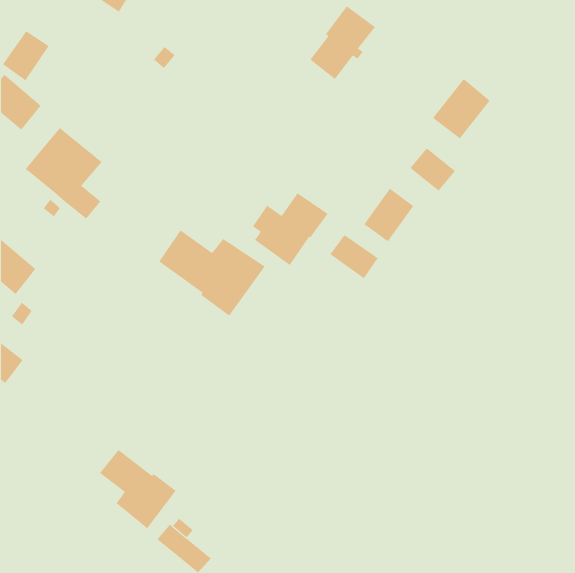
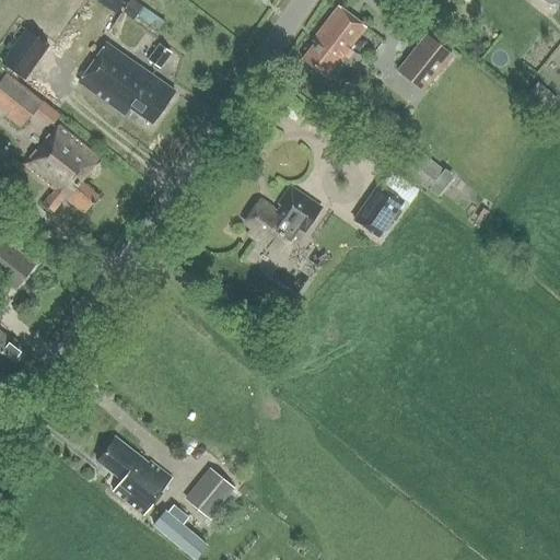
building: none -> [79,43,174,122]
building: [432,78,491,139] -> [395,30,452,89]
building: [159,229,265,317] -> none
building: [330,234,378,279] -> none
building: none -> [188,470,234,517]

